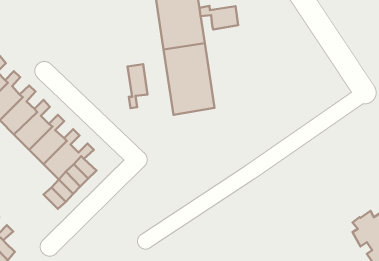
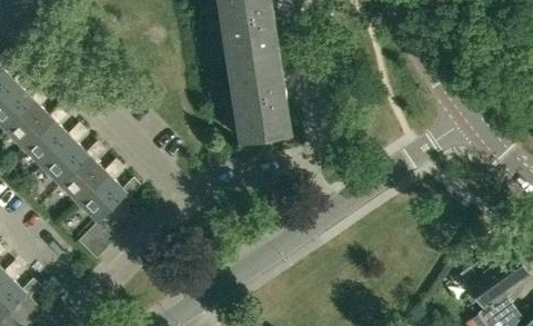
building: [199,6,238,30] -> none
building: [128,64,148,108] -> none

